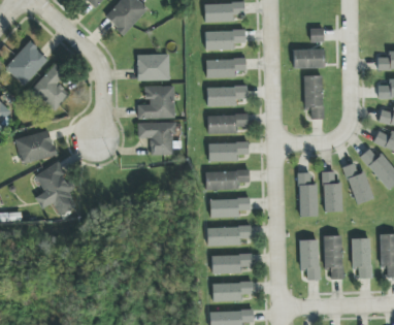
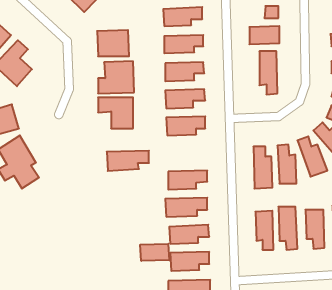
building: [206,170,250,191] -> [107,151,149,171]
building: none -> [140,244,169,261]

